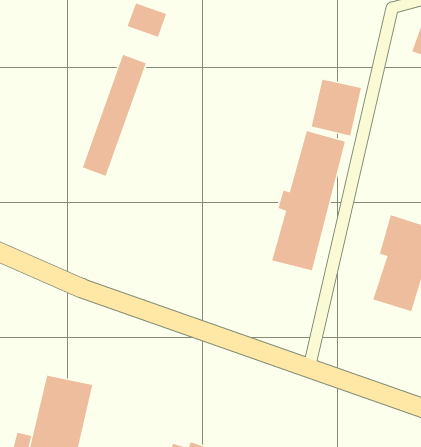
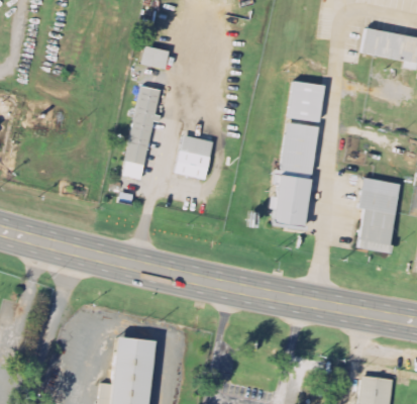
building: none -> [173,134,212,179]

